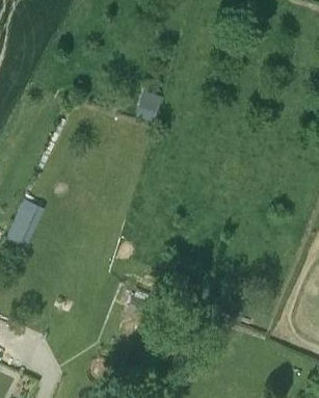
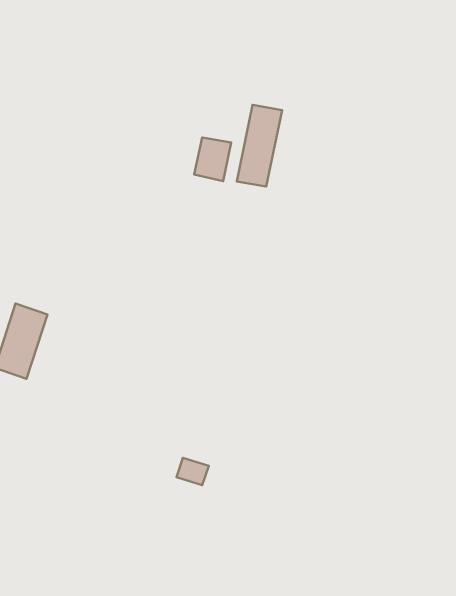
building: none -> [237,105,282,187]

